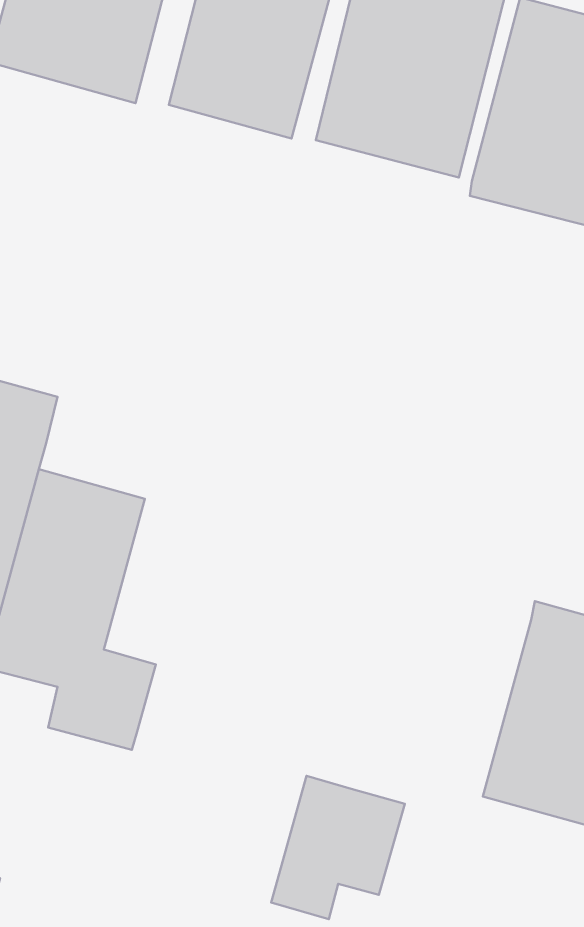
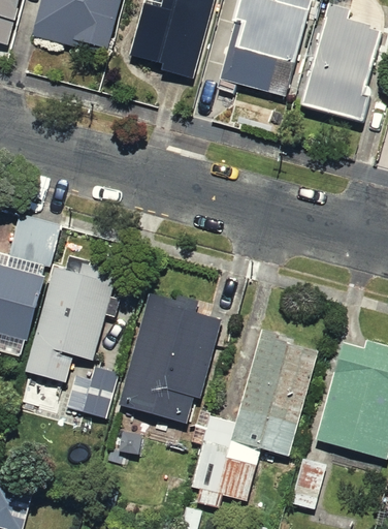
building: none -> [112,287,222,429]
building: none -> [231,325,331,458]

